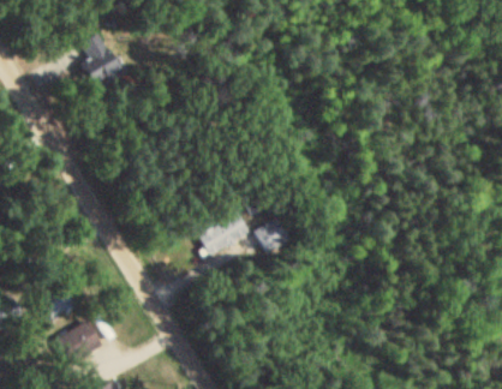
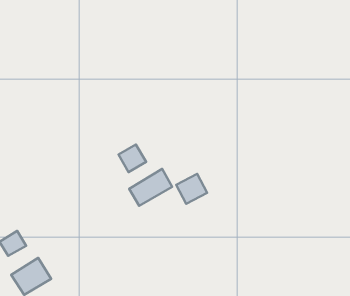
building: [78,31,120,83] -> none
building: none -> [118,144,146,172]

